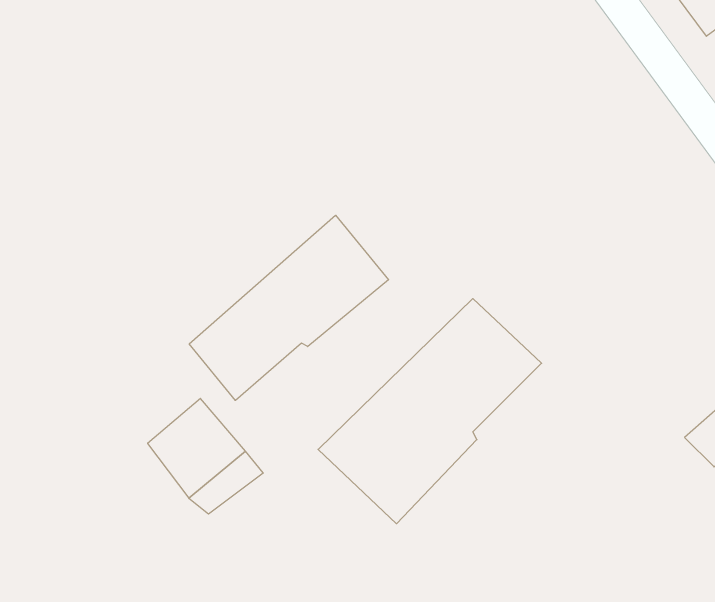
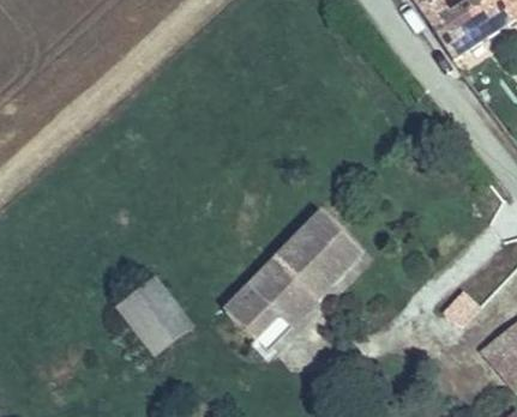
building: [189,215,389,400] -> none

